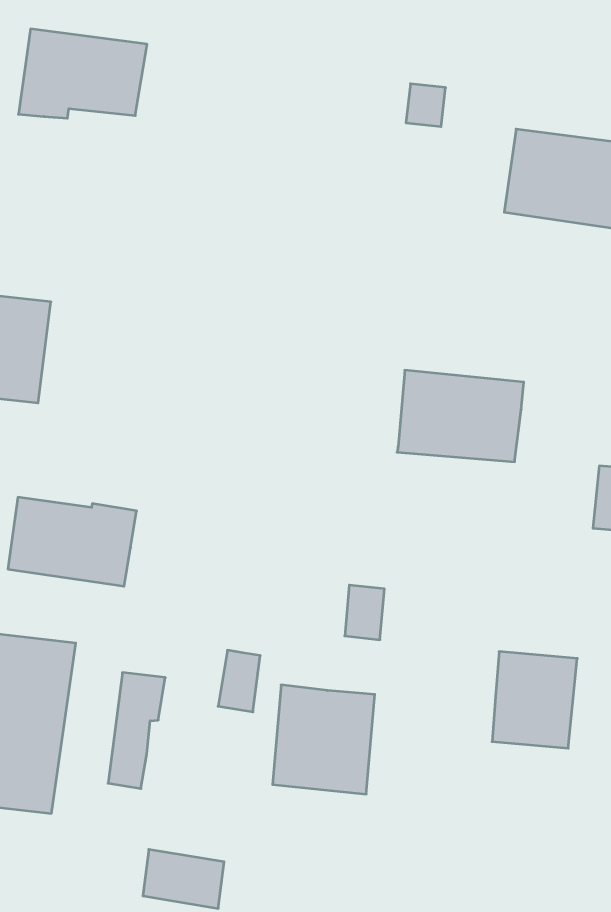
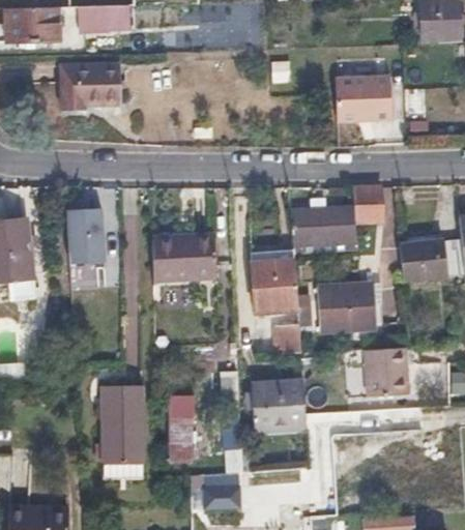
building: none -> [353,187,383,222]
building: none -> [253,252,299,318]
building: [8,497,137,586] -> [153,239,216,281]
building: none -> [319,285,376,330]

